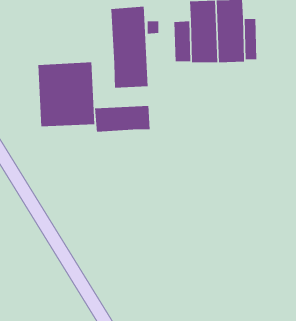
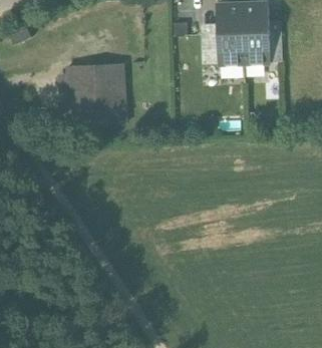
building: [111,6,148,88] -> none
building: [94,105,150,132] -> none

